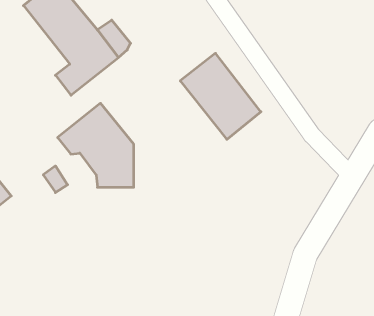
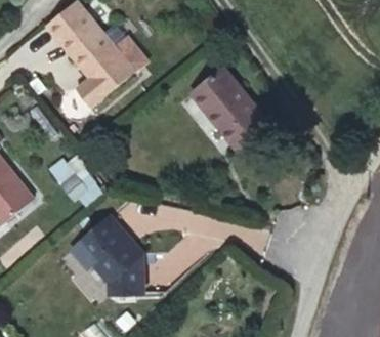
building: [58,103,134,187] -> [71,216,141,294]

